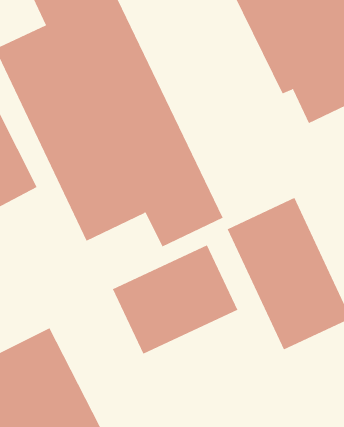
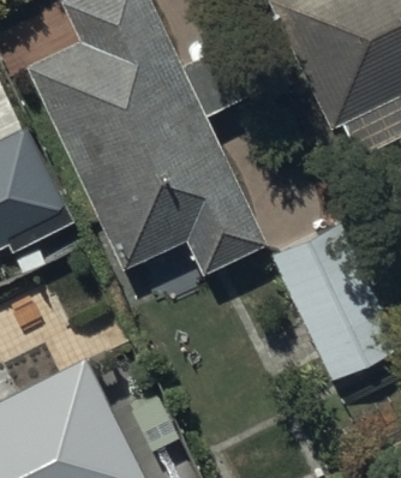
building: [112,245,238,355] -> none

